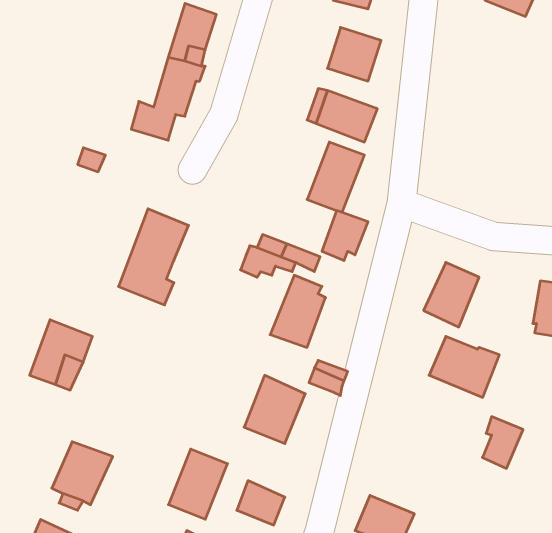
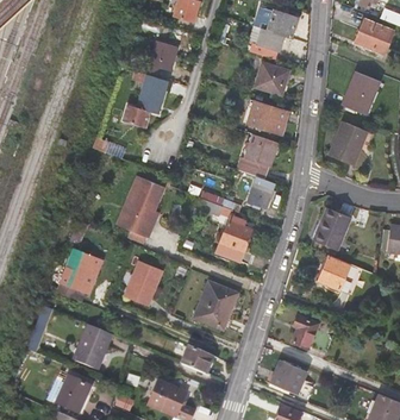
building: none -> [339,68,375,111]
building: none -> [327,119,364,163]
building: [482,417,523,468] -> [292,315,318,349]
building: [168,449,228,519] -> [123,259,161,305]

